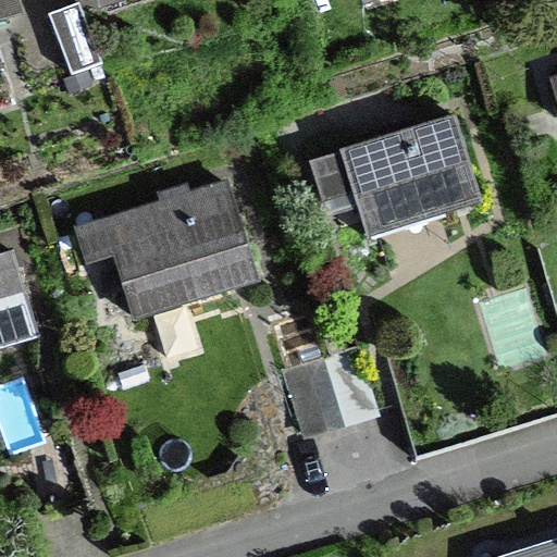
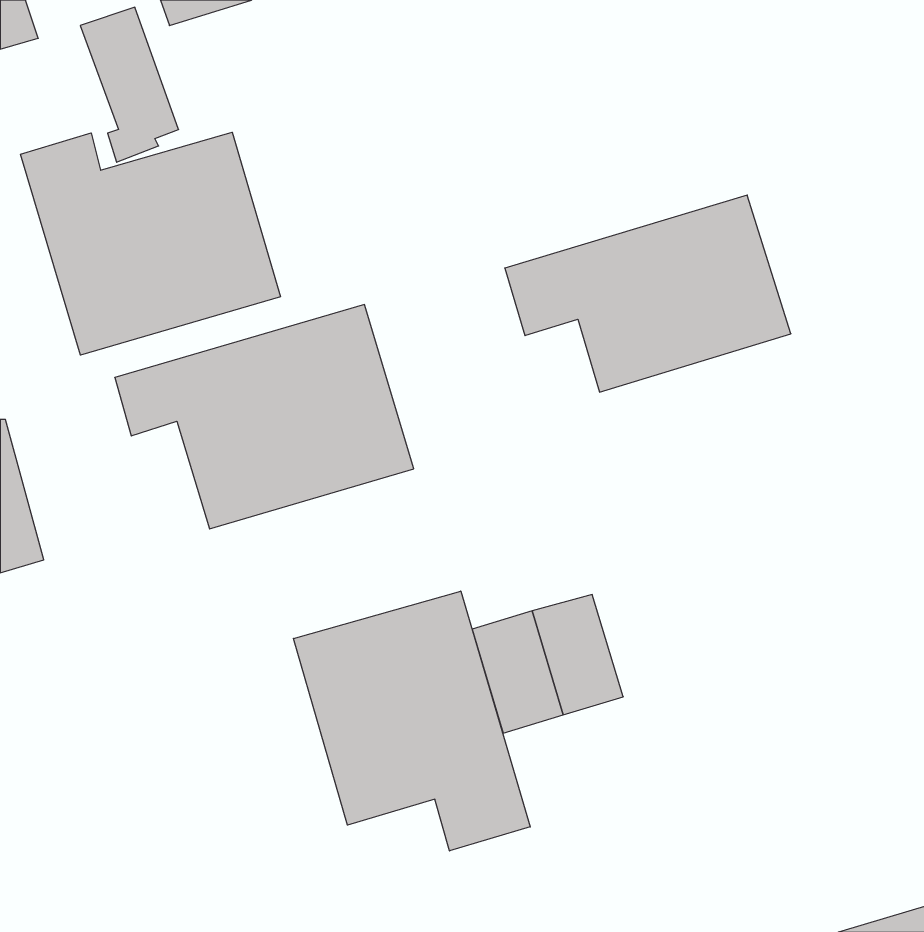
building: none -> [20,132,281,355]
building: none -> [293,591,530,851]

